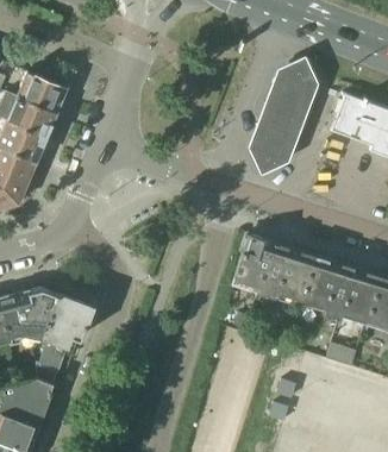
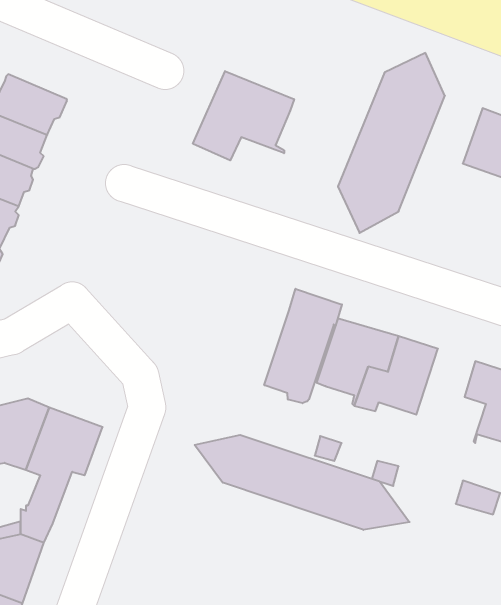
building: none -> [193,71,294,160]
building: none -> [264,289,342,403]
building: [301,255,348,316] -> none
building: none -> [195,435,410,530]

